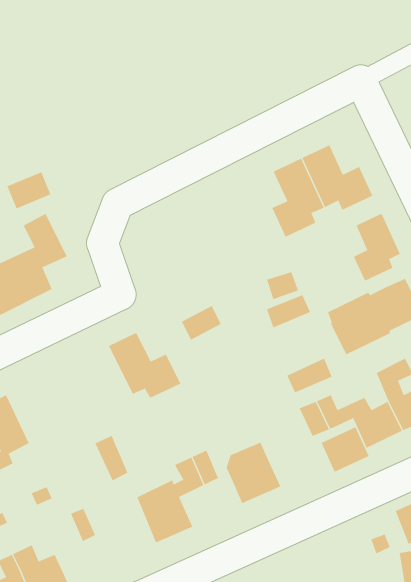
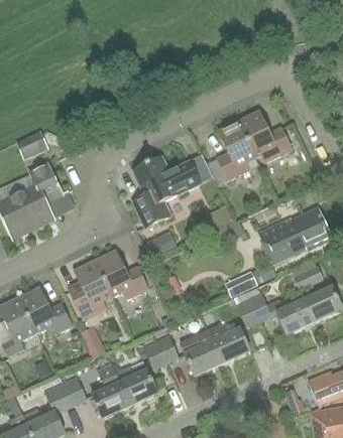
building: none -> [132,155,201,226]
building: [353,213,401,282] -> none
building: none -> [69,259,112,318]
building: none -> [18,285,72,334]
building: [321,427,369,473] -> [213,329,249,363]
building: none -> [92,361,129,419]
building: none -> [45,384,75,414]

